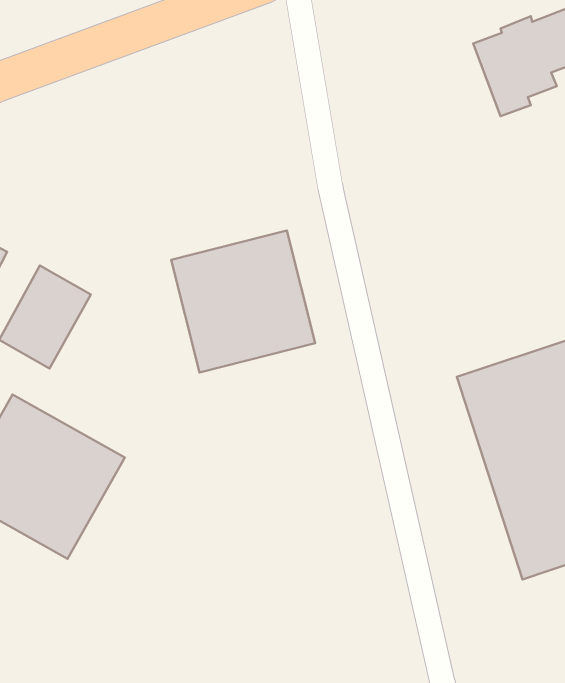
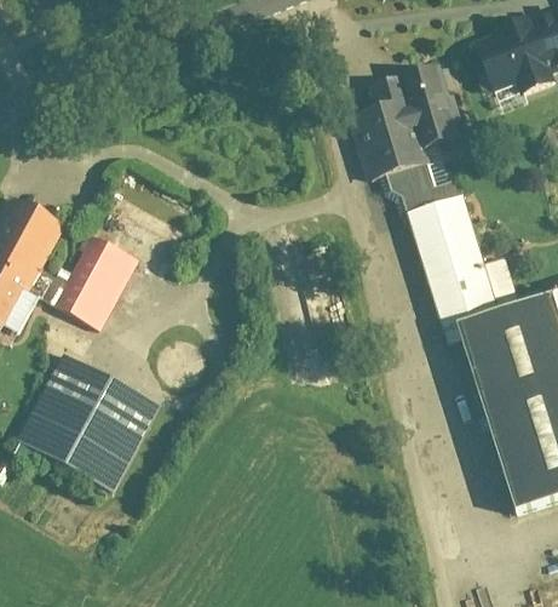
building: none -> [359,63,505,328]
building: [171,230,315,373] -> none

